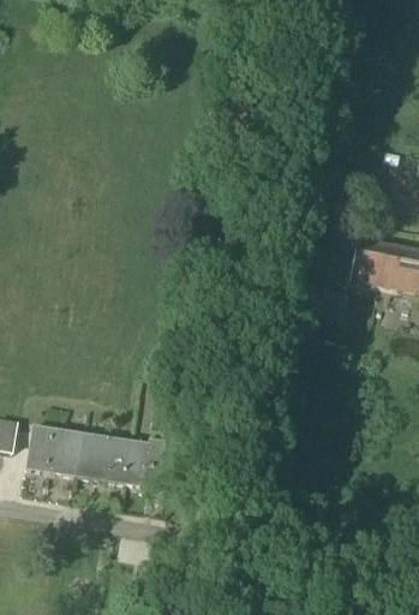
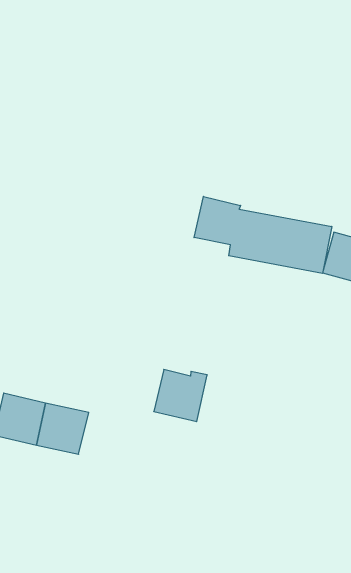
building: none -> [194,196,332,273]
building: [114,437,166,488] -> [154,369,207,422]

